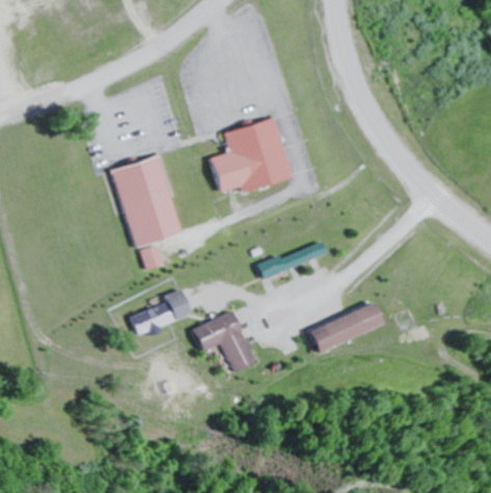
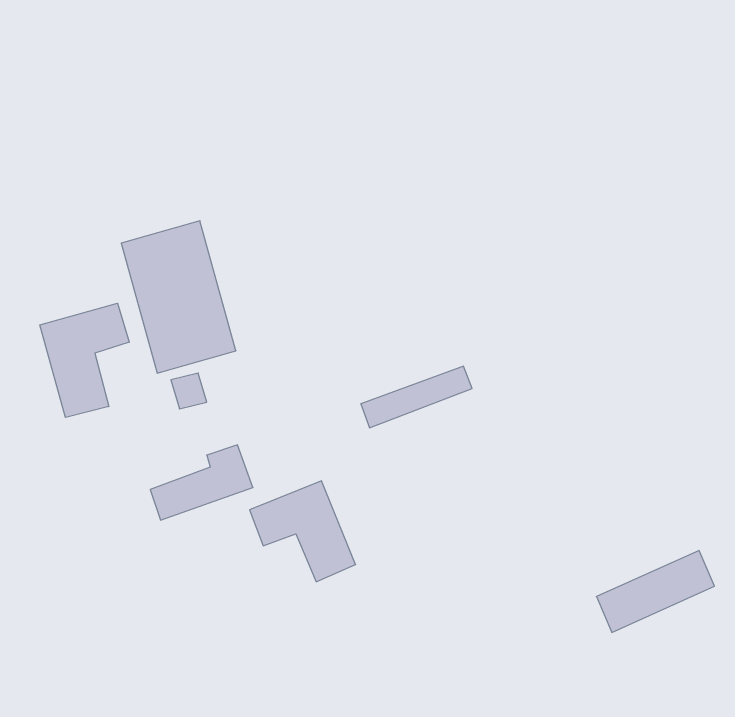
building: [209,118,289,197] -> none
building: none -> [40,303,129,417]
building: [308,304,380,354] -> [596,550,714,632]

